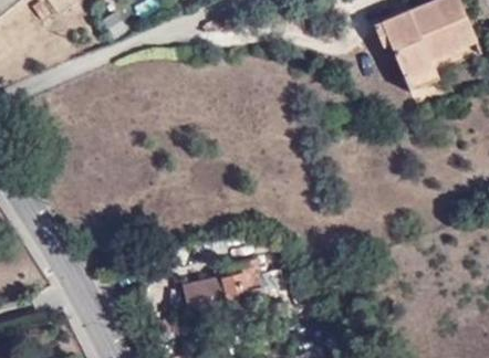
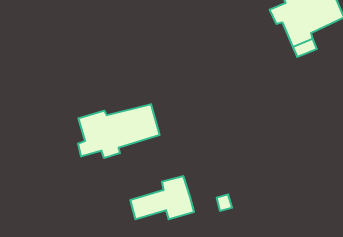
building: none -> [78,104,160,158]

